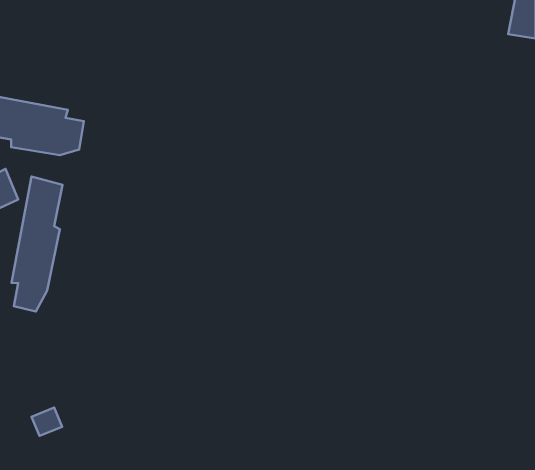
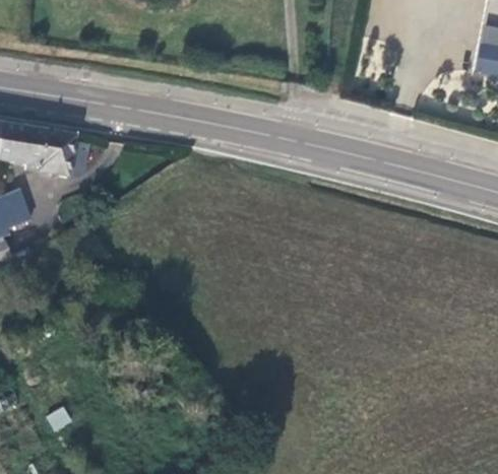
building: [12,177,62,311] -> none

